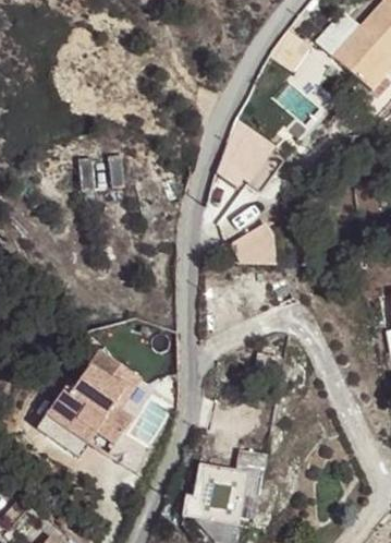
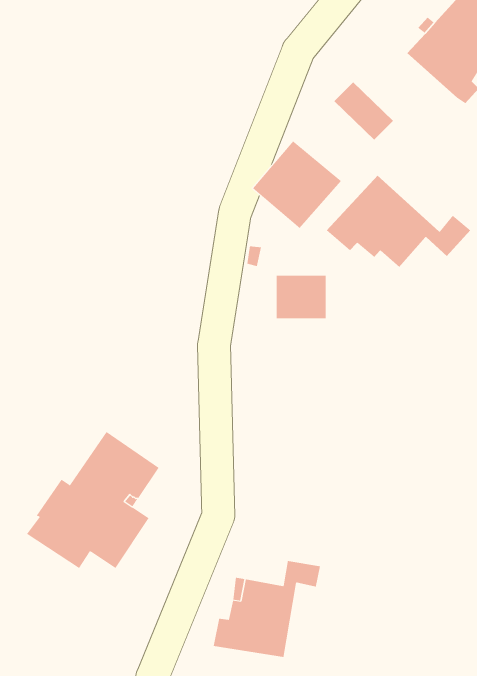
building: none -> [326,175,471,268]

